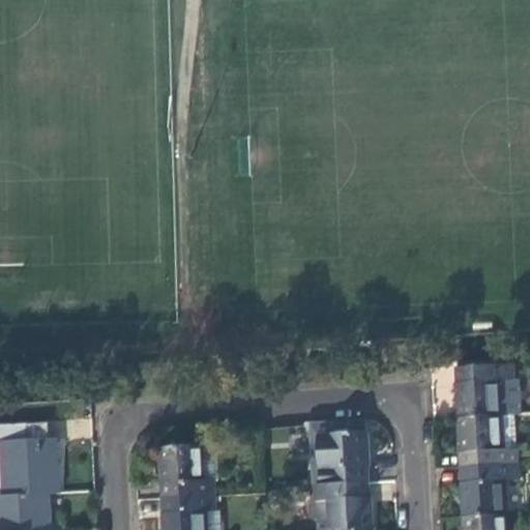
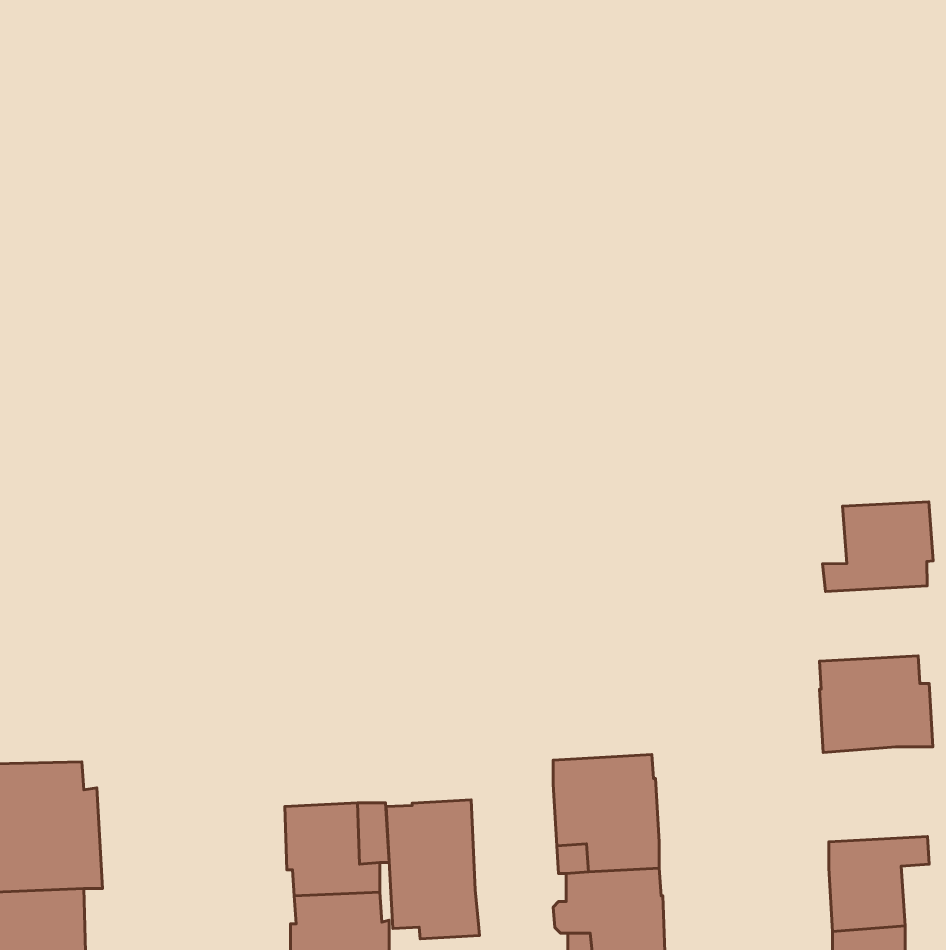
building: none -> [822,502,933,592]
building: [458,416,516,469] -> none
building: none -> [386,800,480,939]

